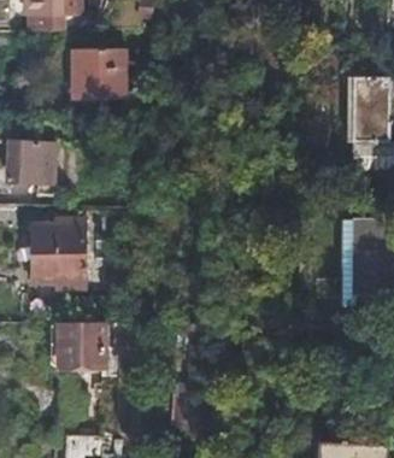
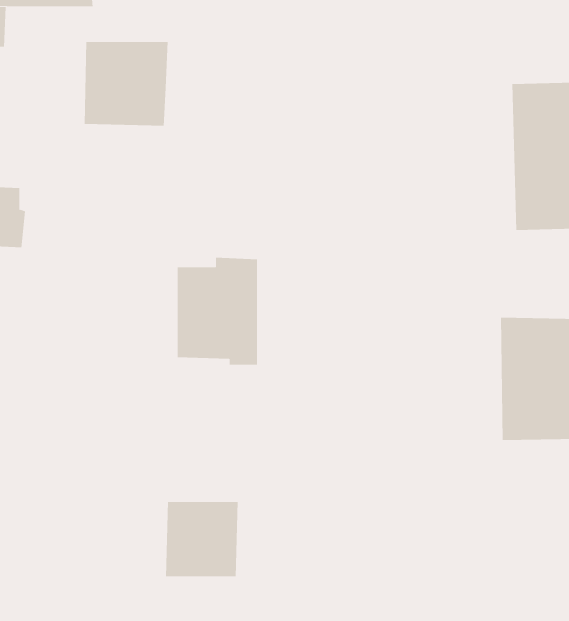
building: [34,219,84,287] -> [177,257,258,365]
building: [59,319,105,366] -> [165,502,238,577]

